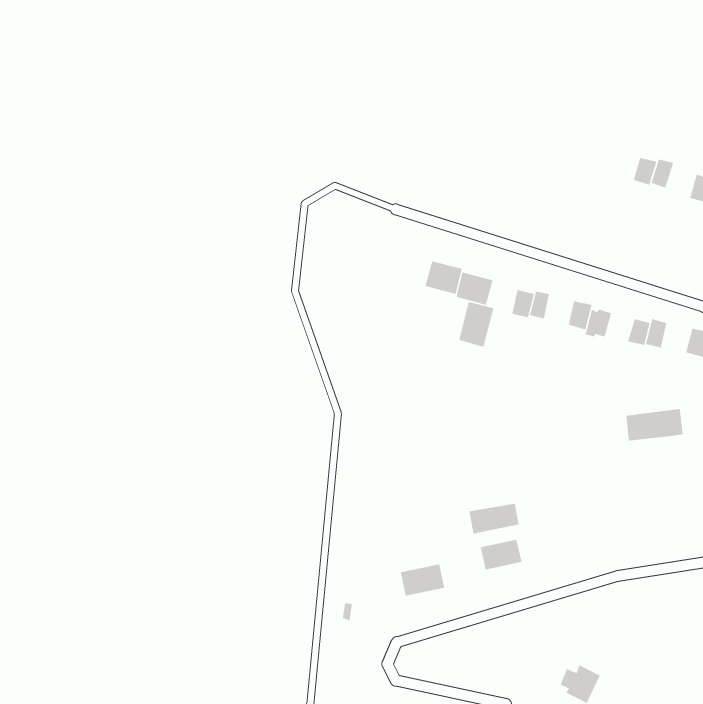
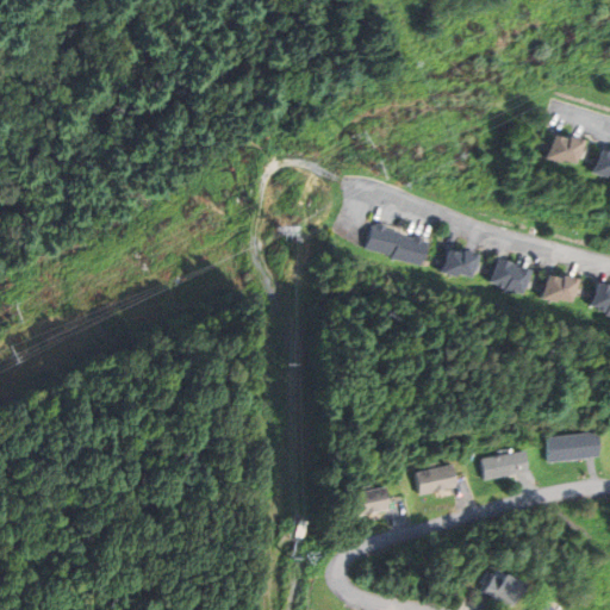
building: [459,301,494,348] -> none
building: [625,408,683,441] -> [547,432,597,461]
building: [469,503,520,534] -> [481,452,525,479]

